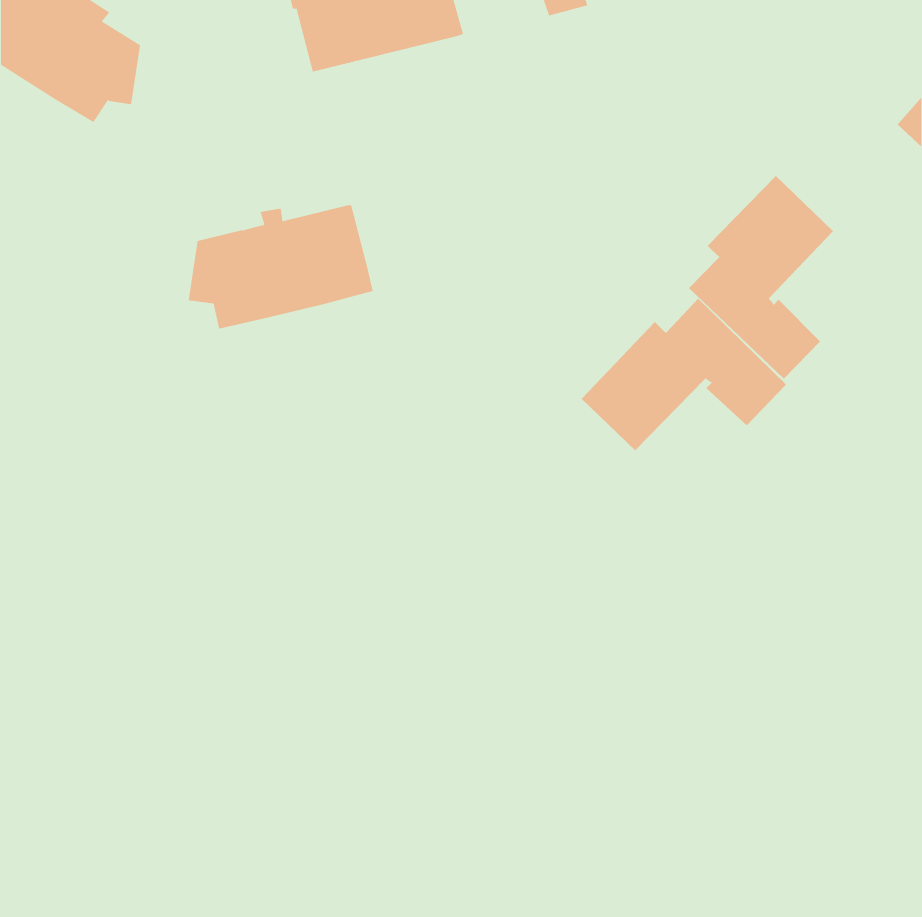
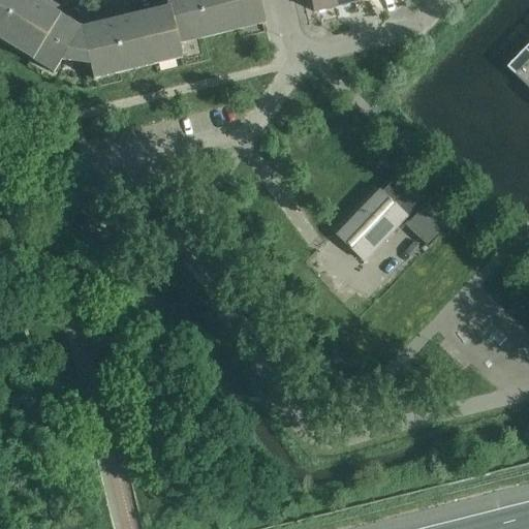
building: [688,175,834,380] -> none
building: [188,205,374,329] -> [75,5,182,76]

